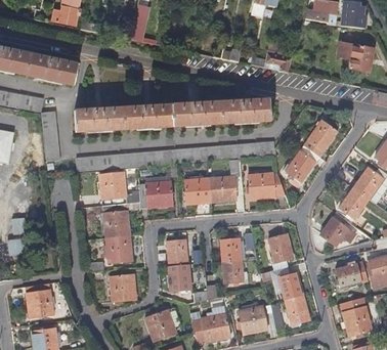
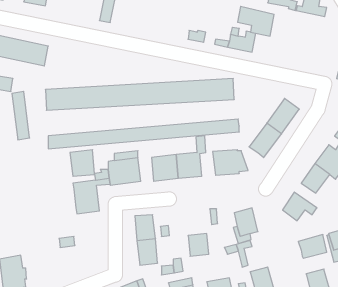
building: [336,40,374,71] -> [238,6,274,36]
building: [106,235,132,263] -> none
building: [220,237,242,261] -> none
building: [281,269,305,299] -> none
building: [111,274,137,302] -> none

